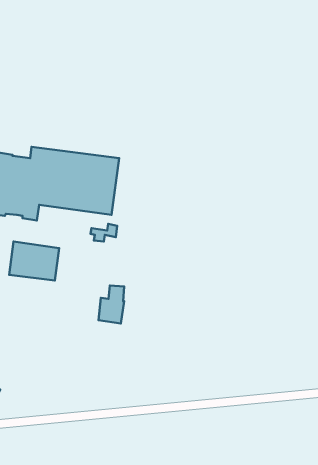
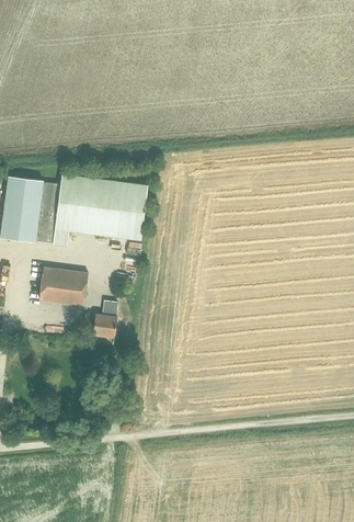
building: [99,286,124,323] -> [92,300,117,338]

